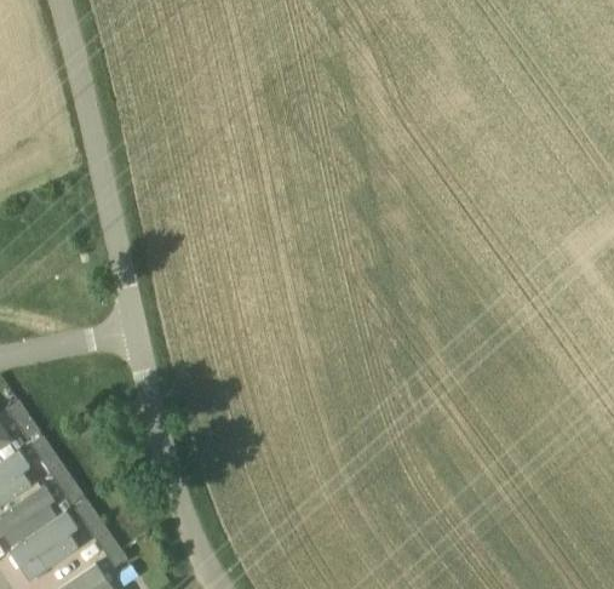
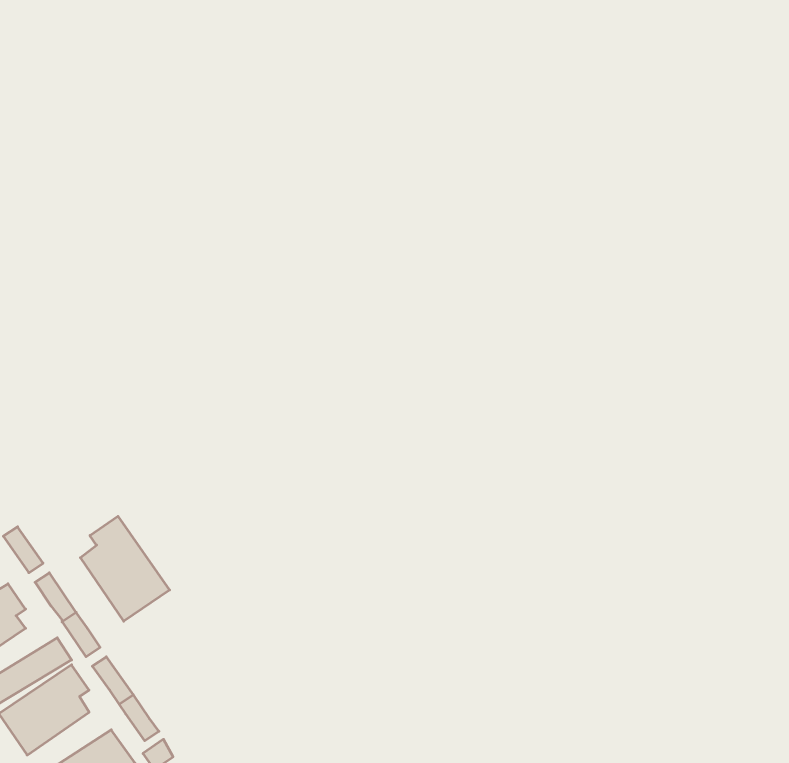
building: none -> [80,516,170,621]

